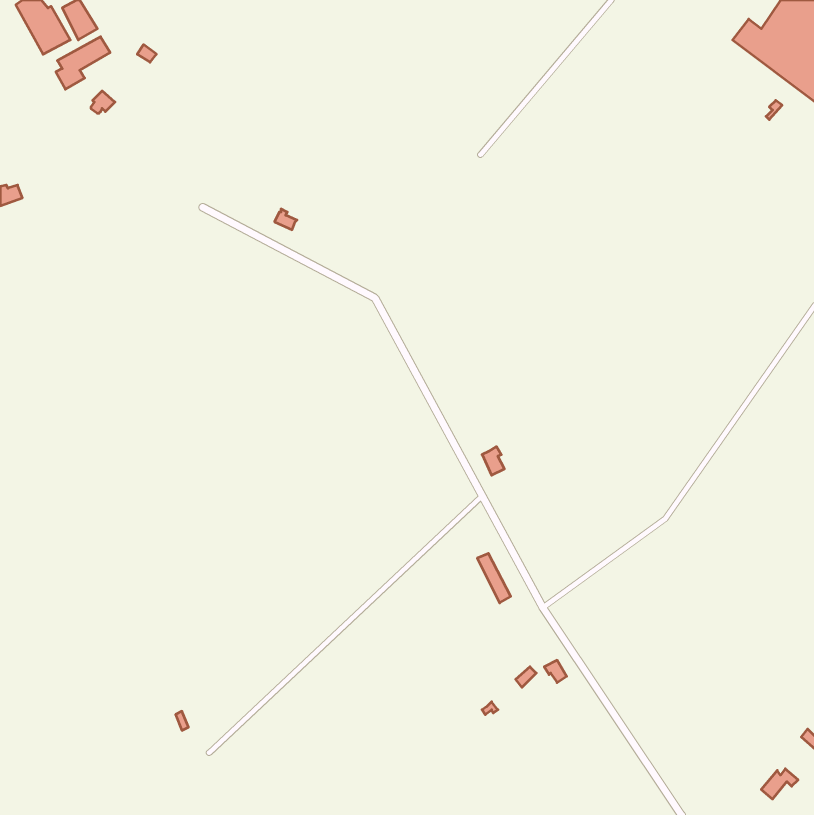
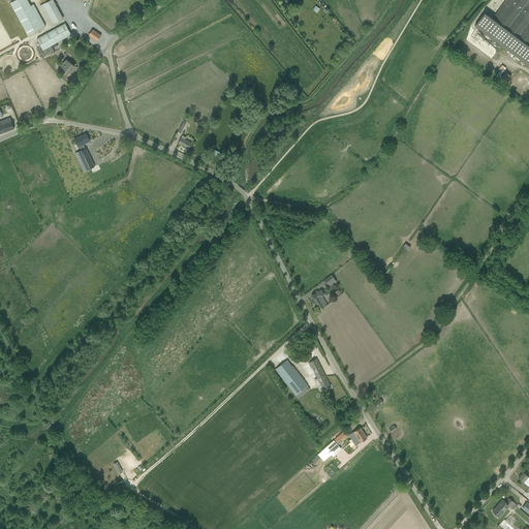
building: none -> [74,132,96,172]
building: none -> [276,360,308,395]

